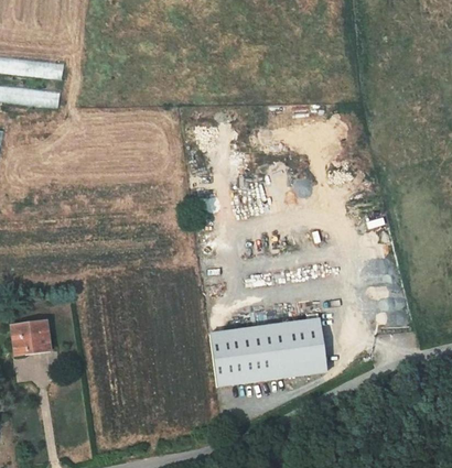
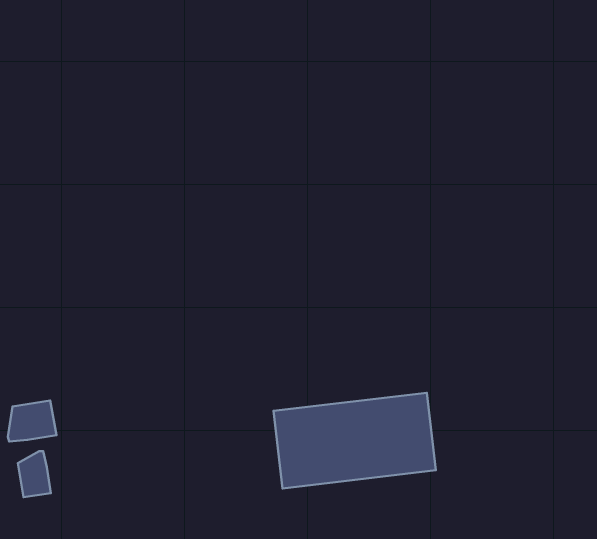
building: none -> [18,451,51,497]

